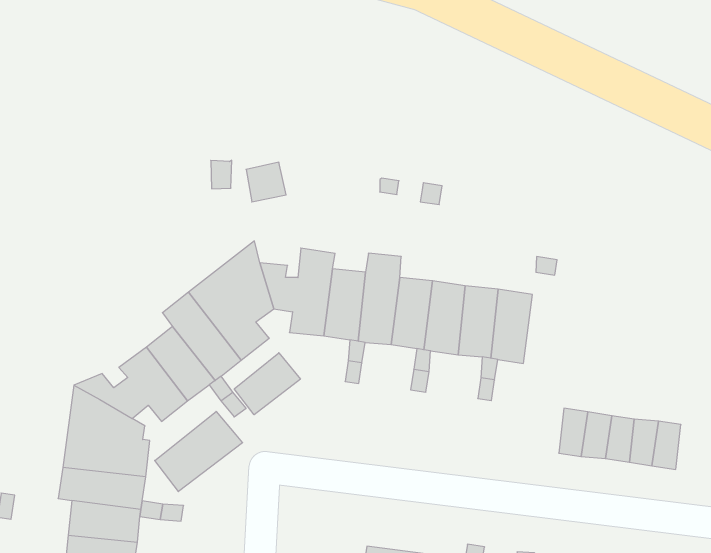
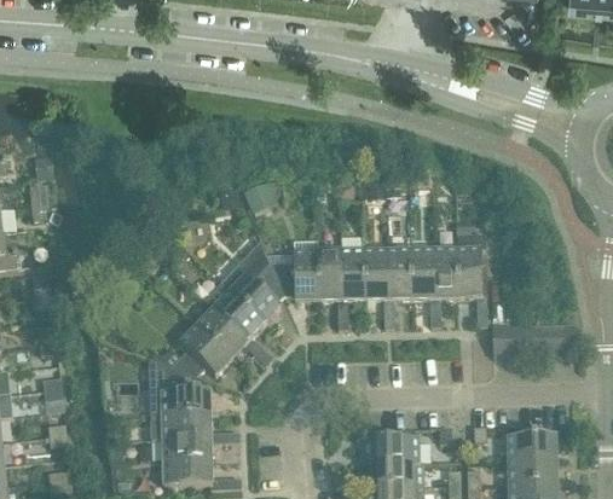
building: none -> [456,238,486,327]
building: [234,353,300,415] -> none
building: [155,411,243,492] -> none

